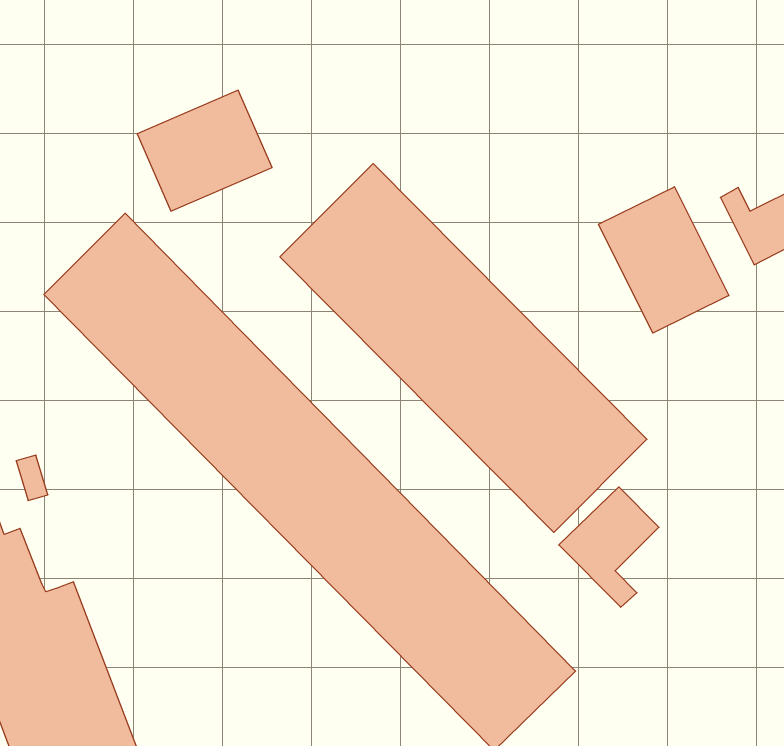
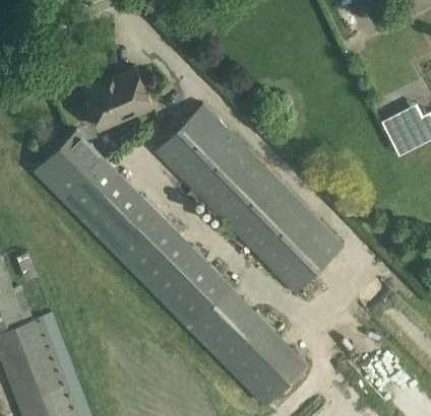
building: [599,187,729,333] -> none
building: [559,487,659,607] -> none

